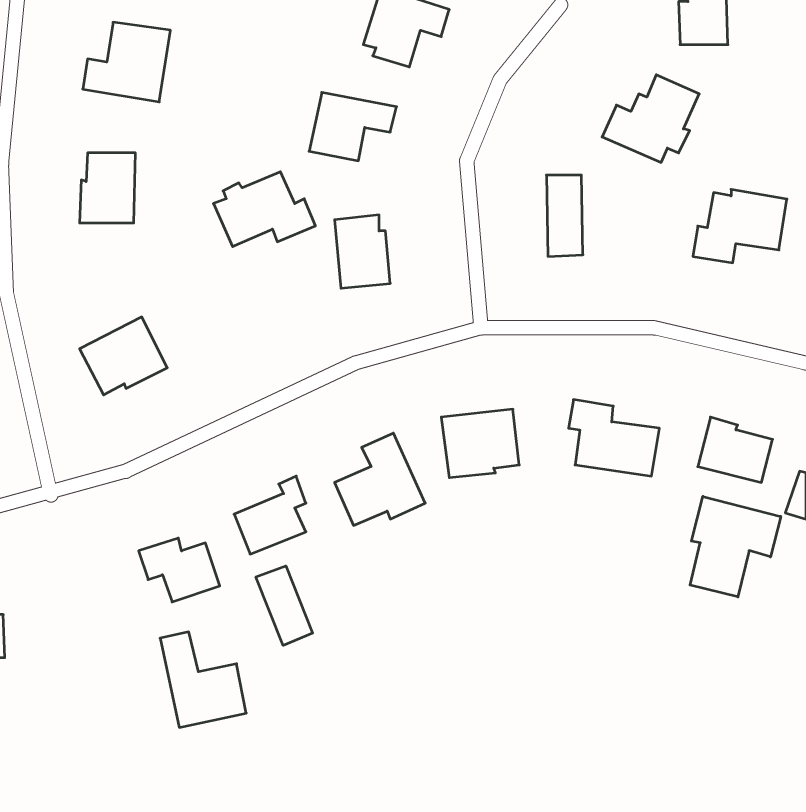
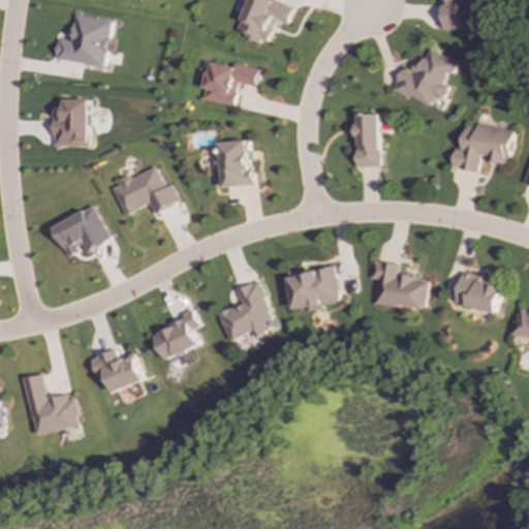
building: [213,172,315,247] -> [112,166,178,215]
building: [690,496,781,597] -> none
building: [256,566,313,645] -> none
building: [160,632,246,727] -> [23,373,79,435]

